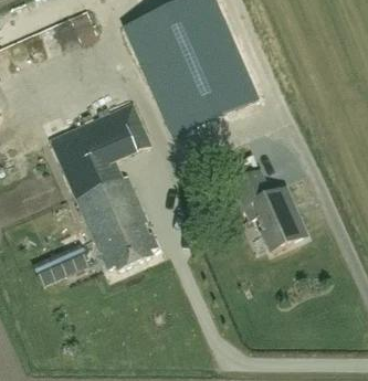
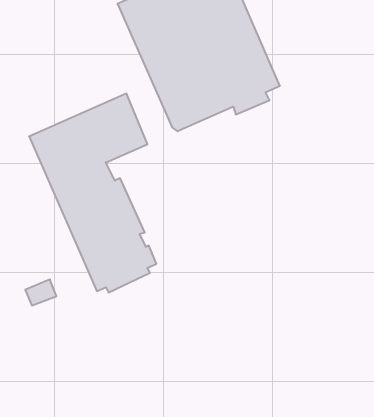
building: [231,169,304,250] -> none

